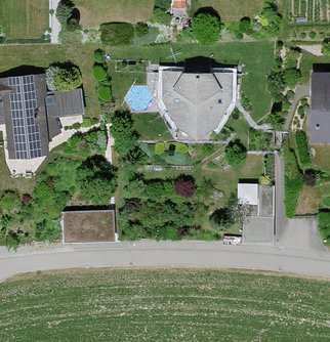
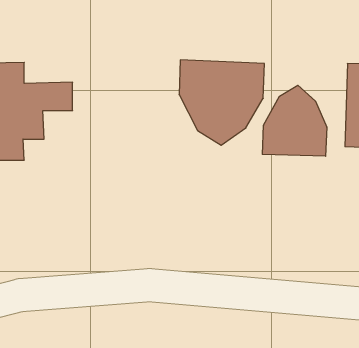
building: none -> [262,85,327,156]
building: [68,211,113,240] -> none

